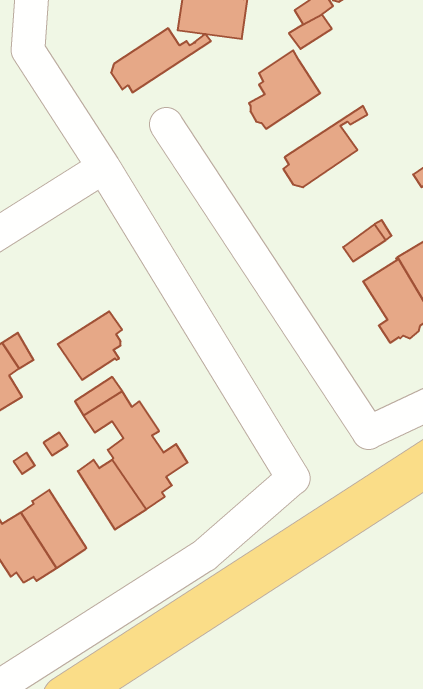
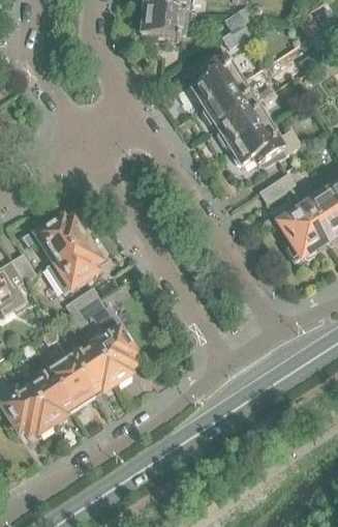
building: [111,28,211,92] -> [202,80,274,126]
building: none -> [231,121,302,166]
building: none -> [22,216,90,262]
building: none -> [47,354,94,410]

